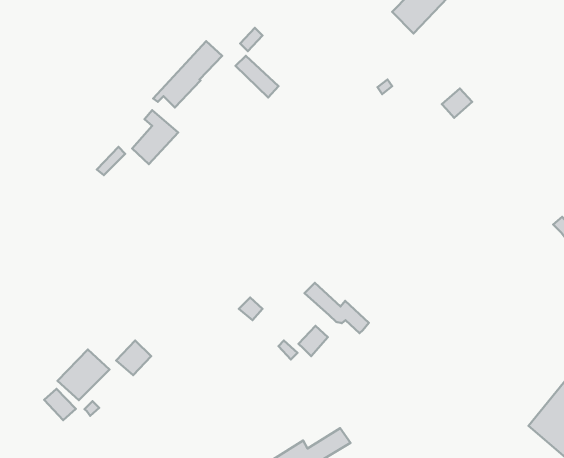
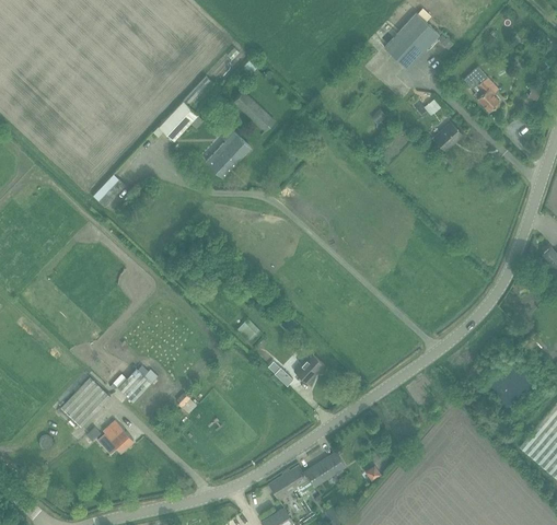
building: none -> [464,67,499,110]
building: [132,110,178,164] -> [206,125,251,177]
building: [304,283,369,333] -> none
building: [44,389,76,420] -> [103,420,134,451]

